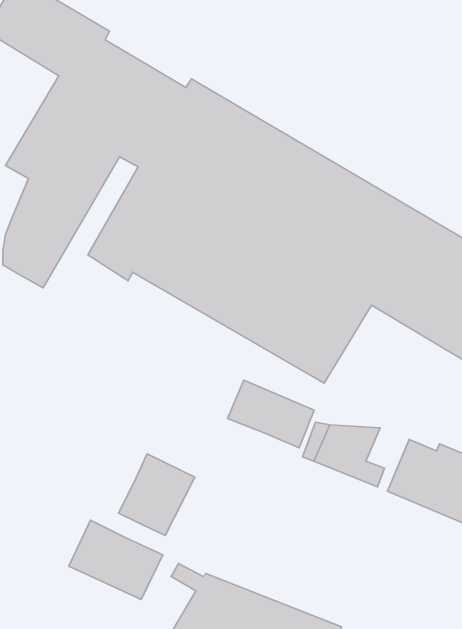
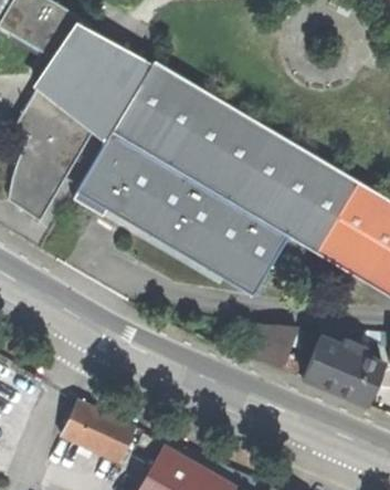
building: [228,380,314,448] -> none
building: [119,454,195,535] -> none

